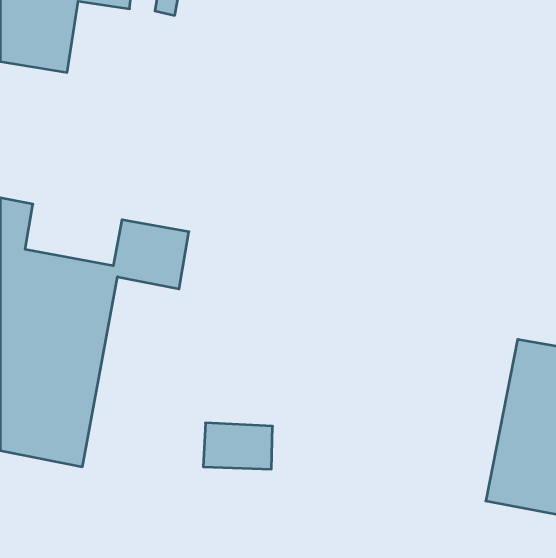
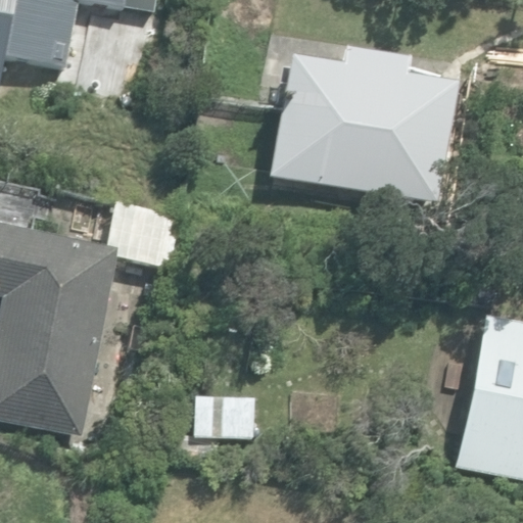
building: none -> [270,50,456,201]

